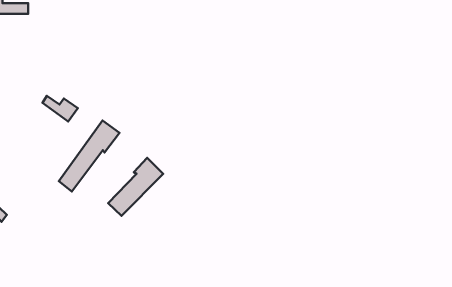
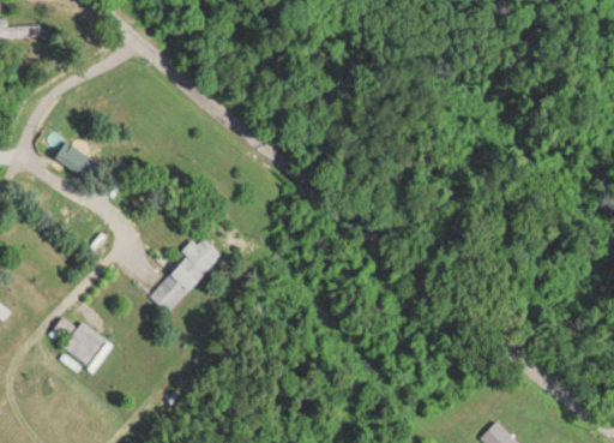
building: [59,120,120,192] -> none
building: none -> [54,317,107,366]

